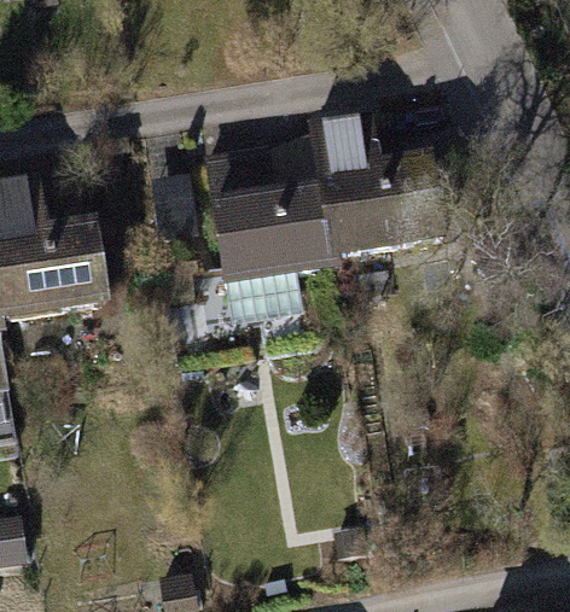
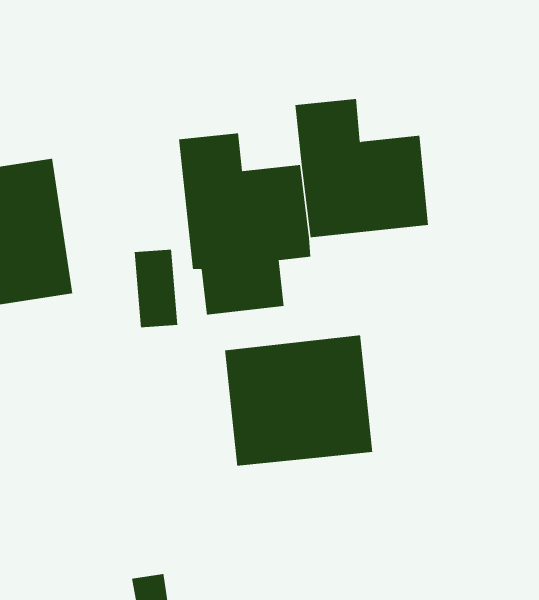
building: none -> [225,335,373,466]

